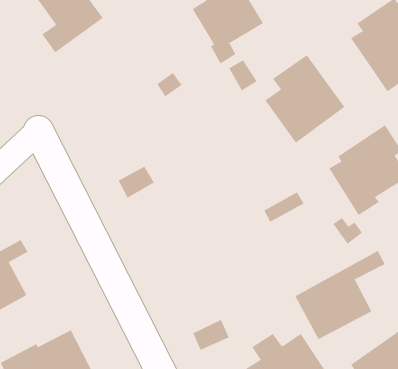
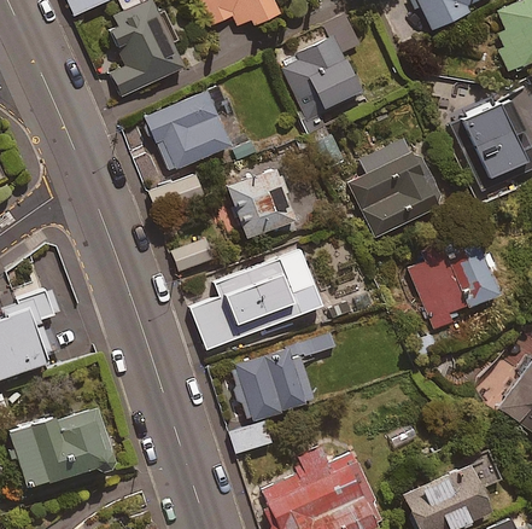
building: none -> [145,85,230,170]
building: none -> [224,164,293,237]
building: none -> [192,252,321,355]
building: [294,250,386,340] -> [229,330,337,420]

